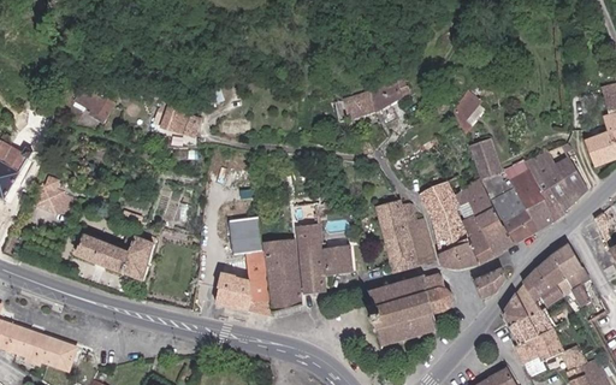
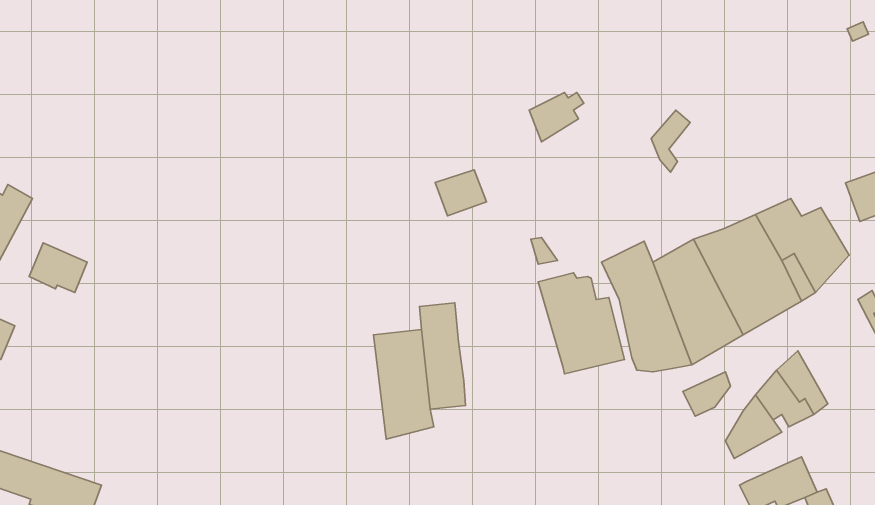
building: [69,84,112,120] -> none
building: [343,90,378,122] -> [435,170,486,216]
building: [162,106,200,137] -> none
building: [469,140,502,178] -> none
building: [215,217,272,314] -> none
building: [77,236,155,279] -> none
building: [321,244,353,274] -> none
building: [552,244,591,306] -> none
building: [366,272,452,350] -> none
building: [509,307,555,343] -> none

